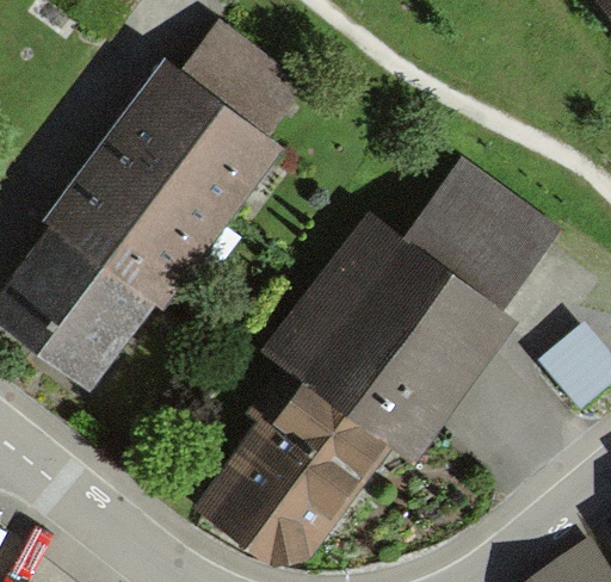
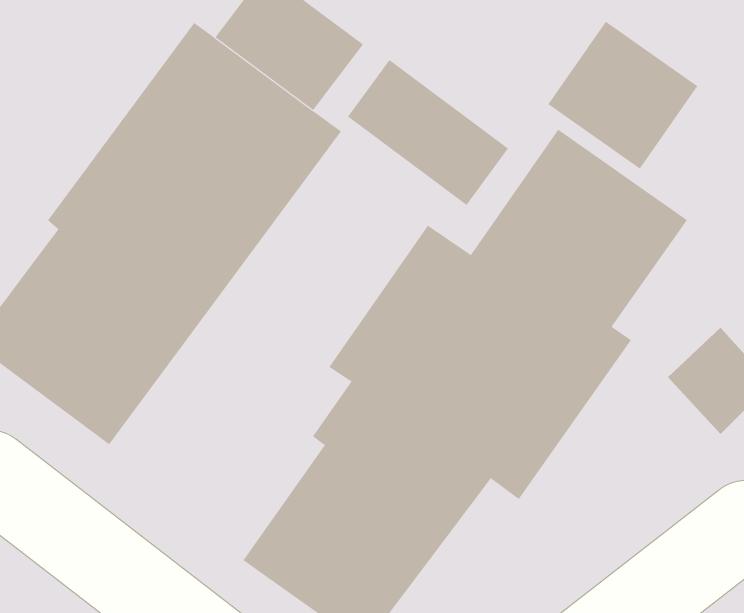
building: none -> [547,21,698,169]
building: none -> [347,59,509,206]

